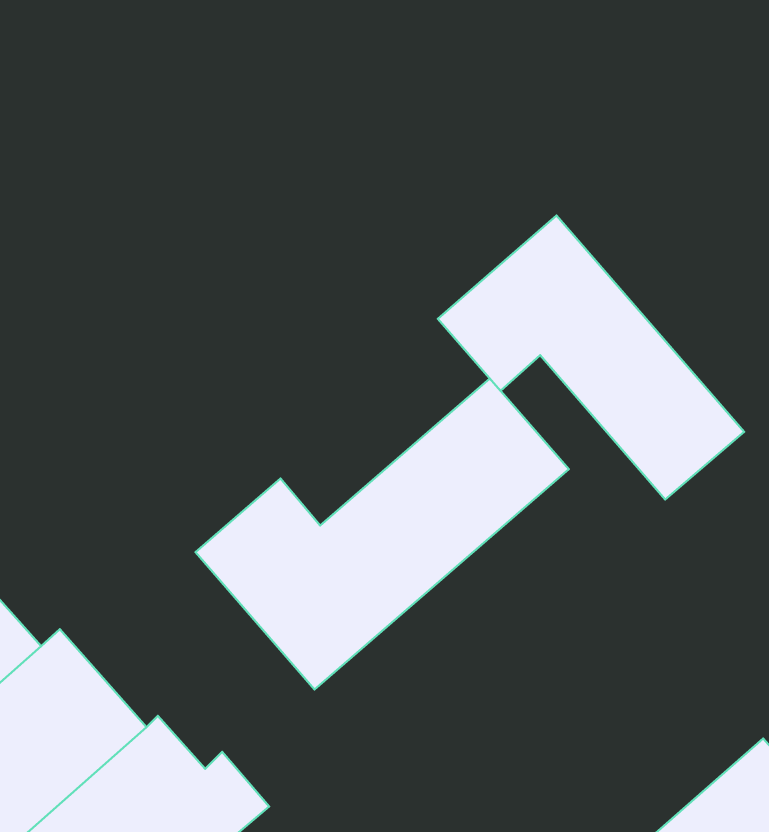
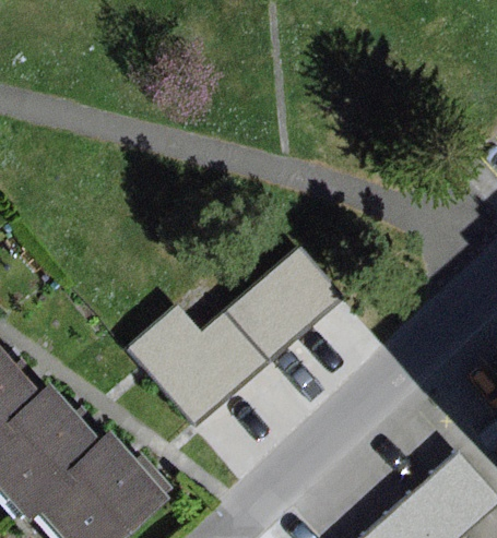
building: [438,215,744,499] -> none

